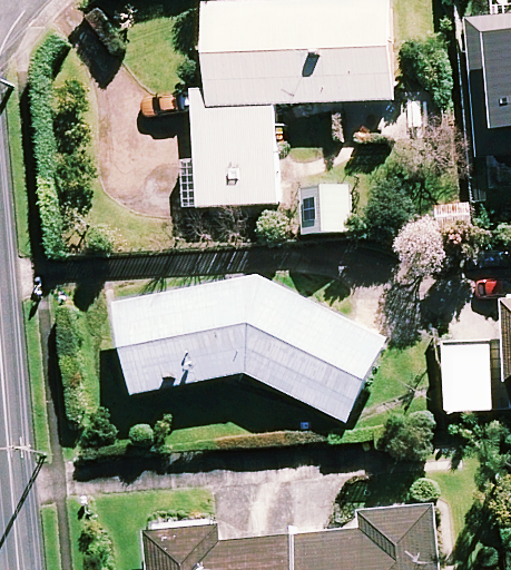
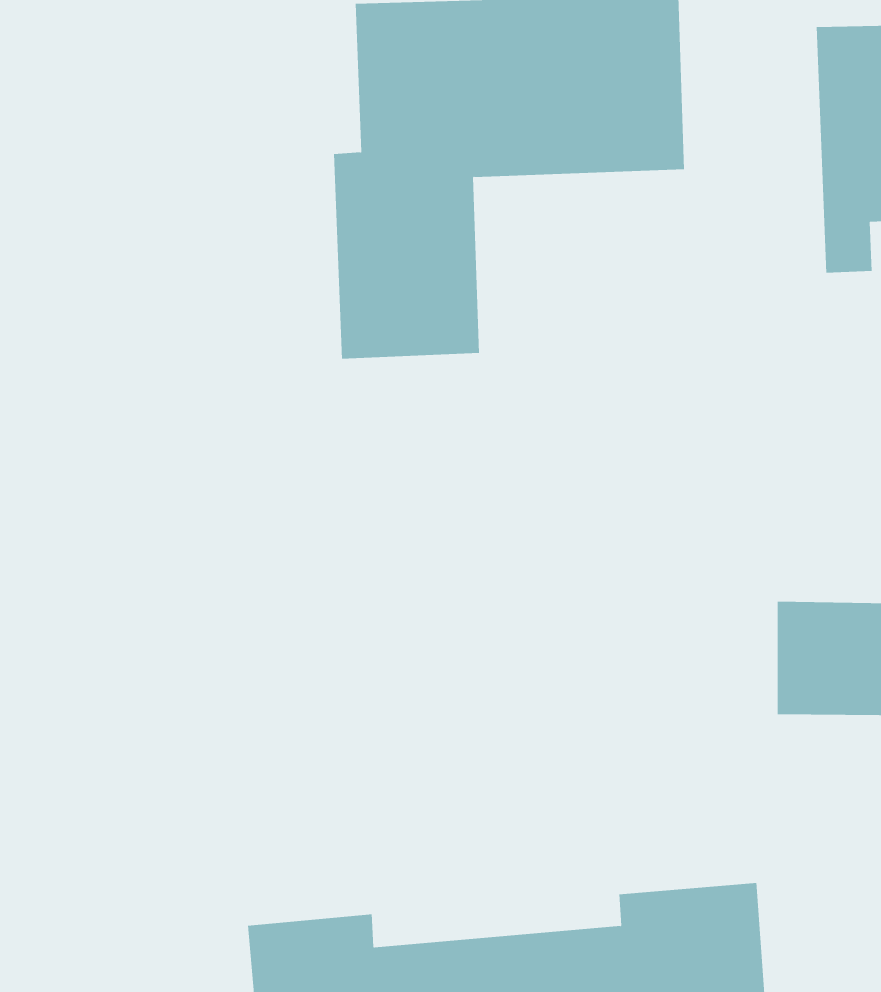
building: [116,277,384,420] -> none

